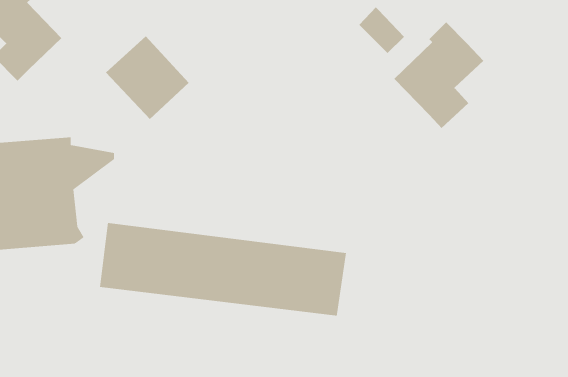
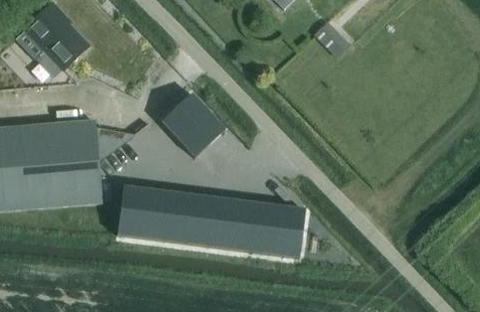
building: [394,22,484,129] -> none
building: [105,36,189,120] -> [161,93,225,157]

